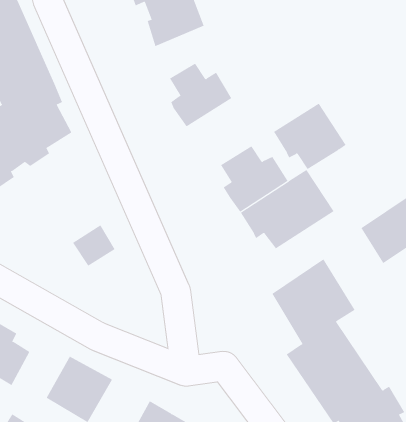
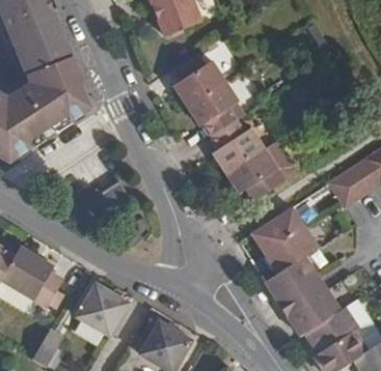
building: [273,103,347,170] -> [186,79,244,132]

